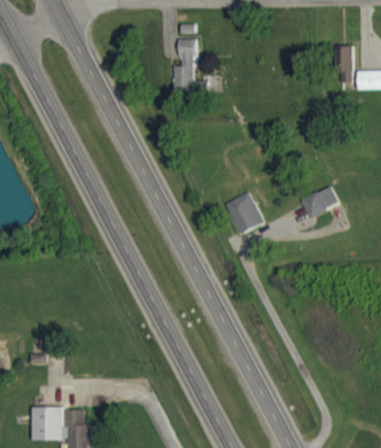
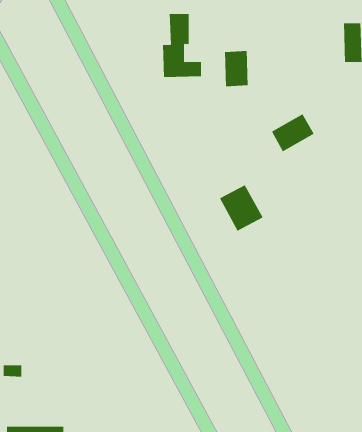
building: none -> [225,50,248,87]
building: [300,184,339,219] -> [271,113,314,152]

